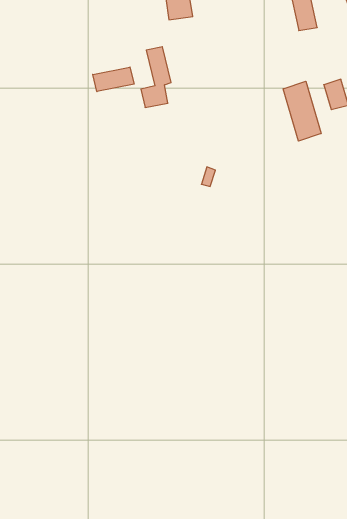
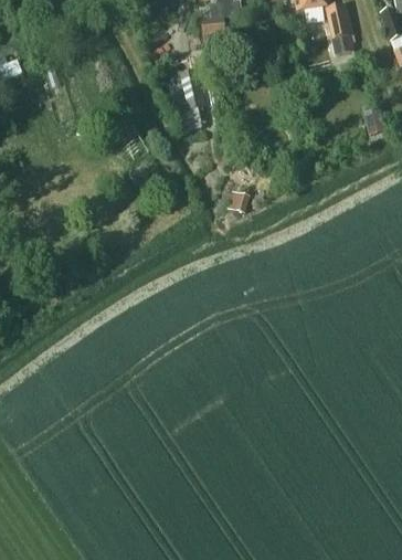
building: [93,67,134,92] -> none
building: [283,81,321,141] -> none

